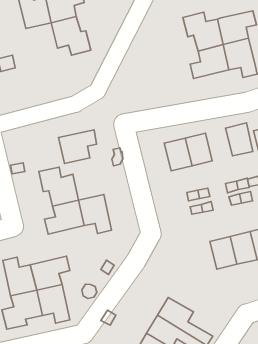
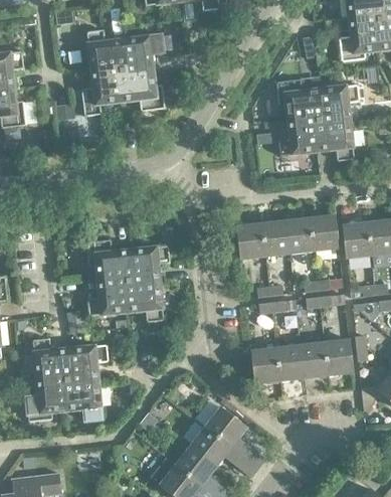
building: none -> [82,70,127,116]
building: none -> [286,217,315,254]
building: [59,130,97,164] -> [127,245,170,281]
building: none -> [251,347,280,383]

